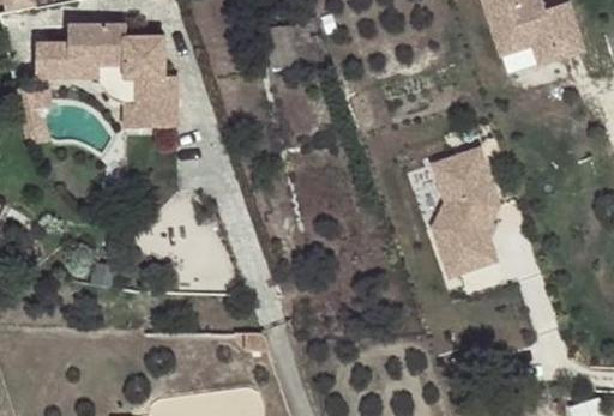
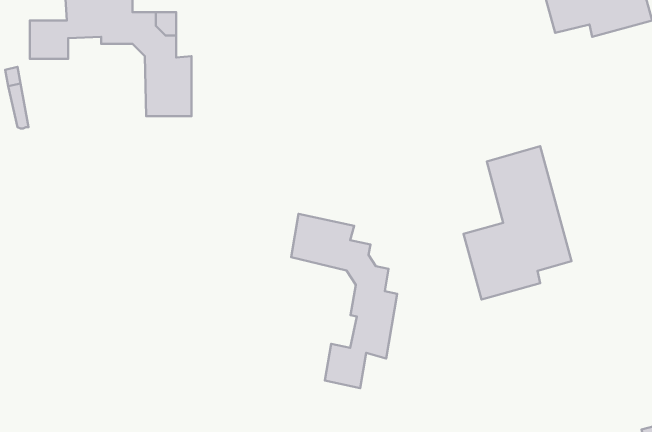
building: [70,58,138,127] -> none
building: none -> [291,214,397,388]

